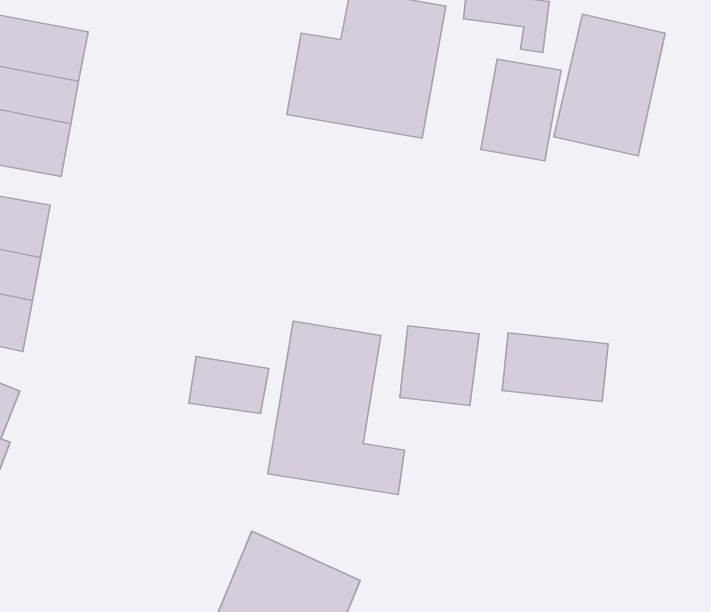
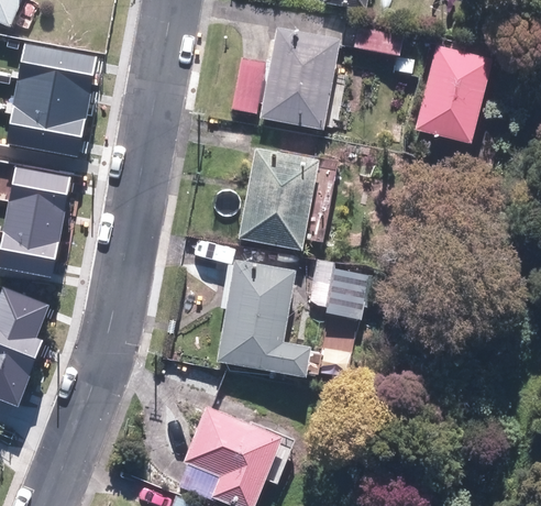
building: [481,59,561,161] -> none
building: none -> [239,145,320,251]
building: [502,333,608,402] -> none
building: [189,356,269,413] -> none

